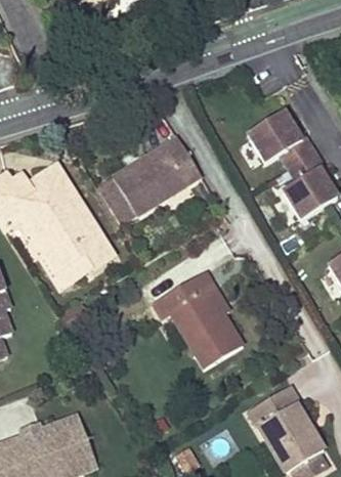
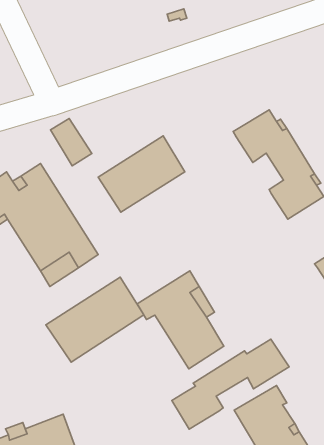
building: [95,178,136,225] -> [51,118,92,166]
building: none -> [46,277,144,362]
building: none -> [172,339,289,429]

